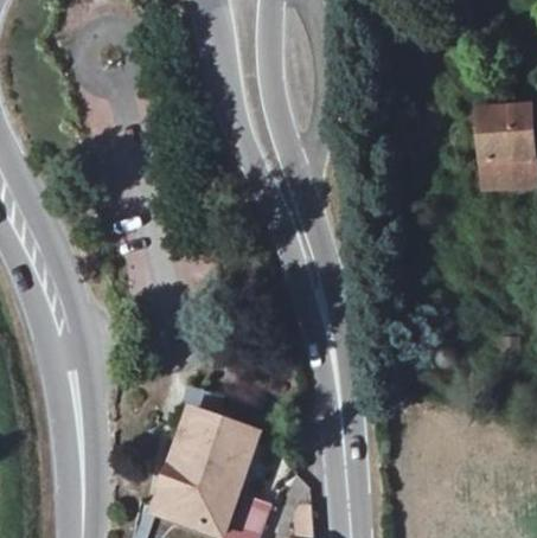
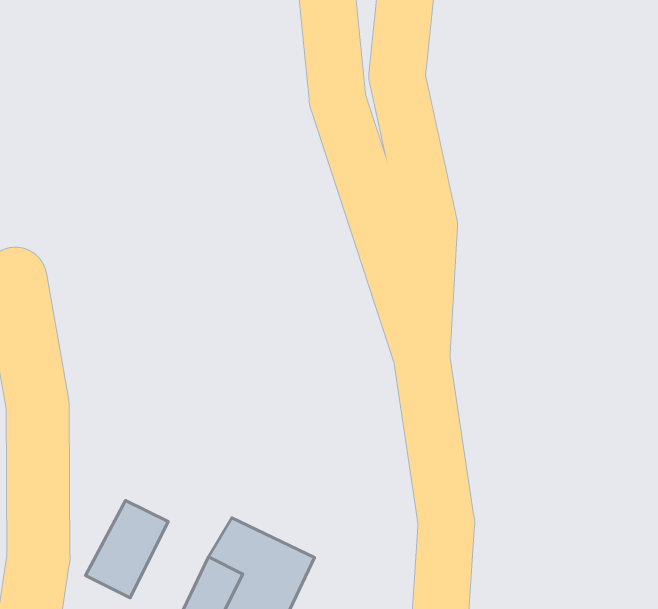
building: none -> [86,501,168,598]

